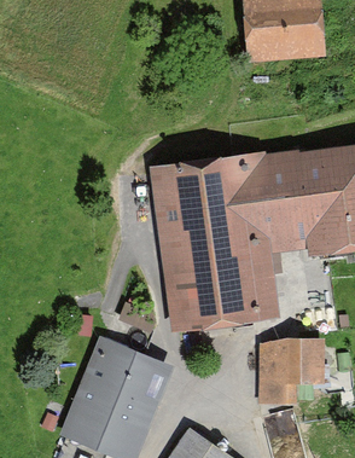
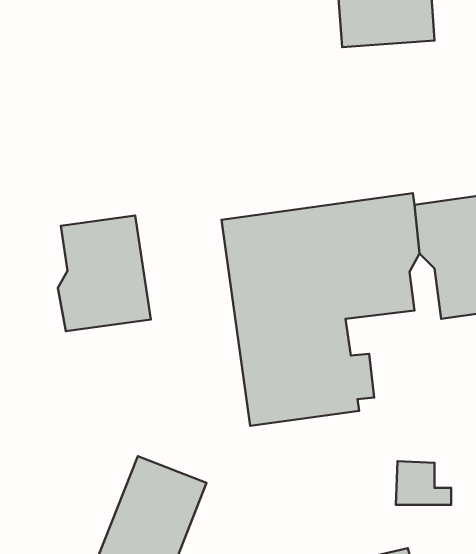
building: none -> [58,215,151,331]
building: [261,346,293,402] -> none

